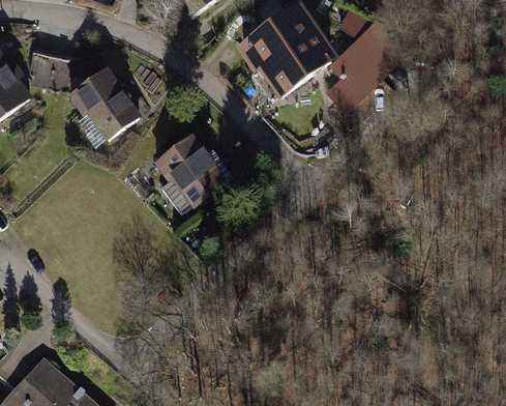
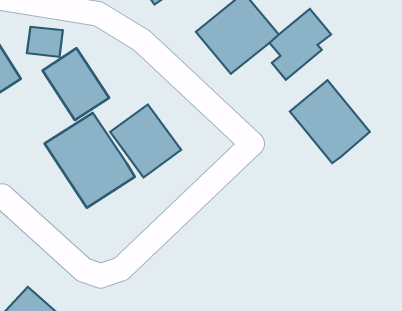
building: none -> [290,80,370,163]
building: none -> [45,113,135,208]

